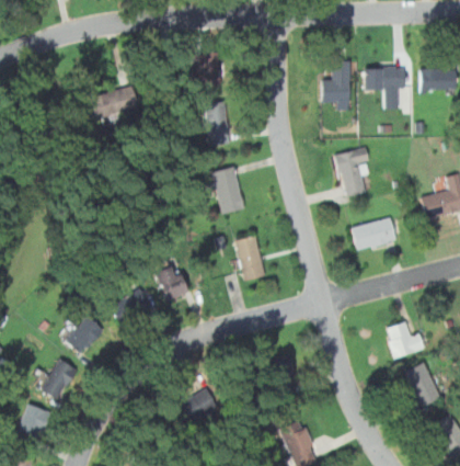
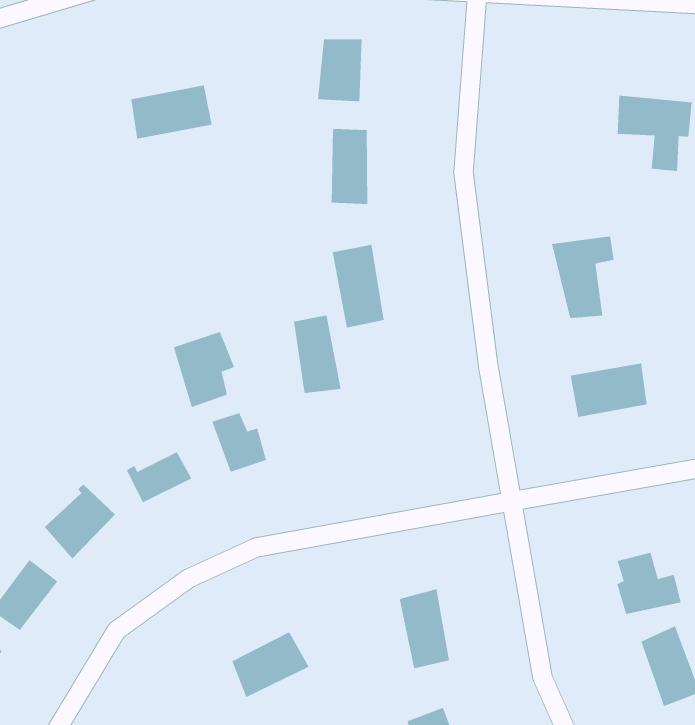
building: [322,61,349,111] -> none
building: none -> [173,331,235,408]
building: [235,236,266,281] -> [293,315,342,393]

